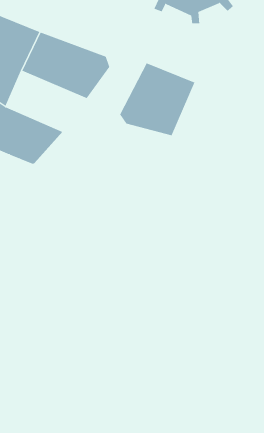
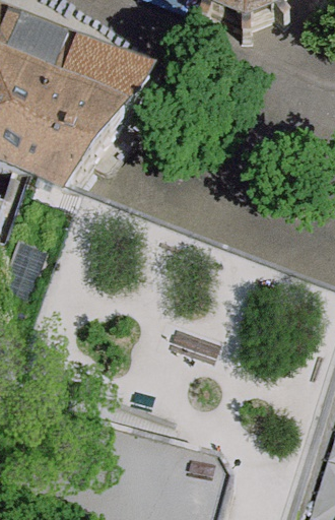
building: [119,63,195,136] -> none
building: none -> [17,84,111,154]

